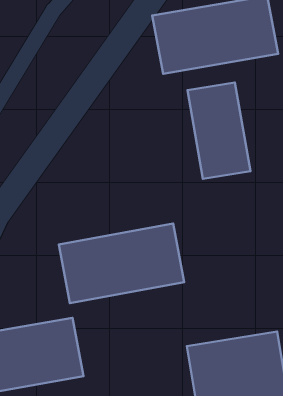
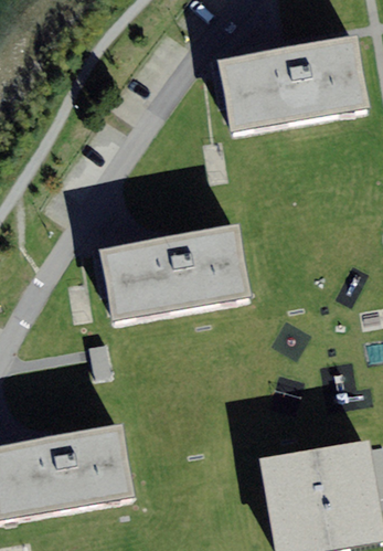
building: [187,82,250,179] -> none
building: [59,224,184,303] -> [99,223,251,319]

